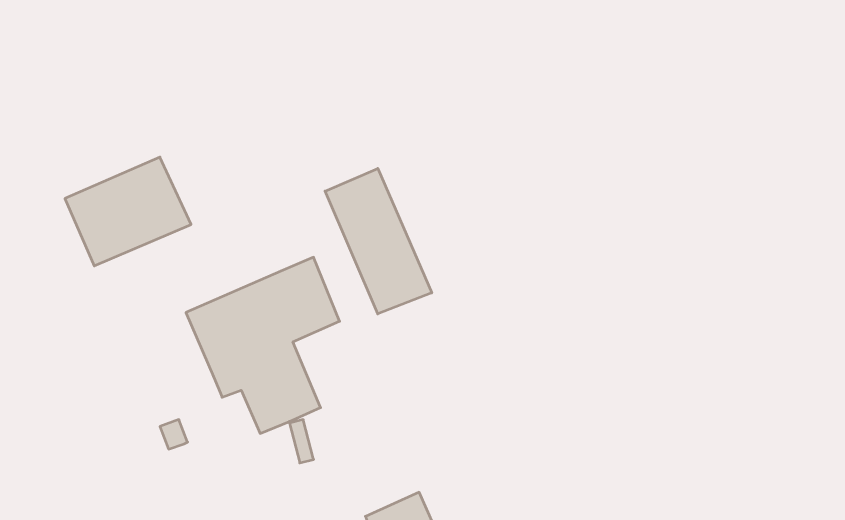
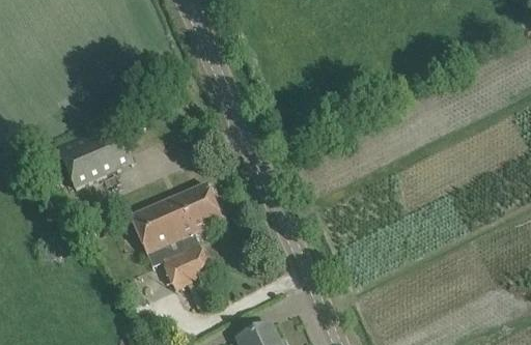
building: [325,168,432,314] -> none

